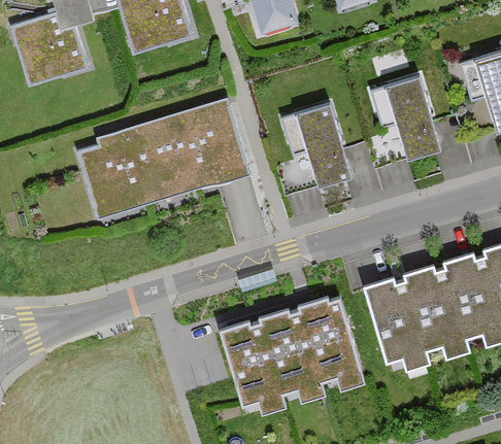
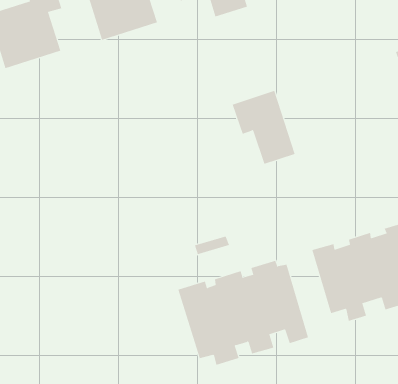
building: [370,81,440,163] -> none
building: [74,103,250,225] -> none

